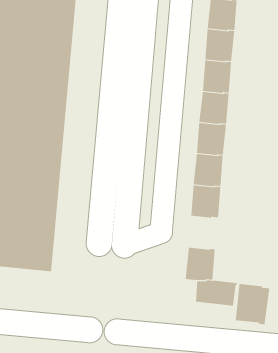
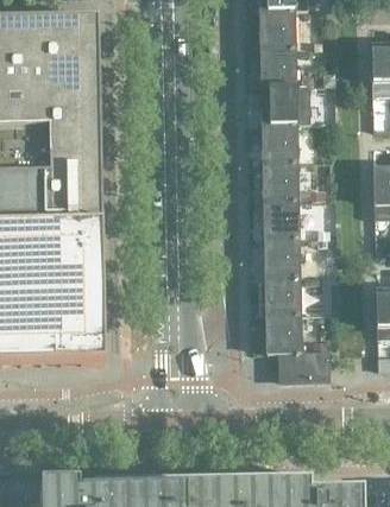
building: none -> [264,275,298,315]
building: [235,283,270,325] -> none

